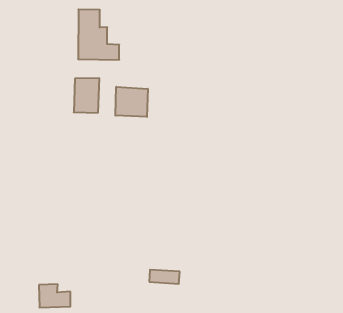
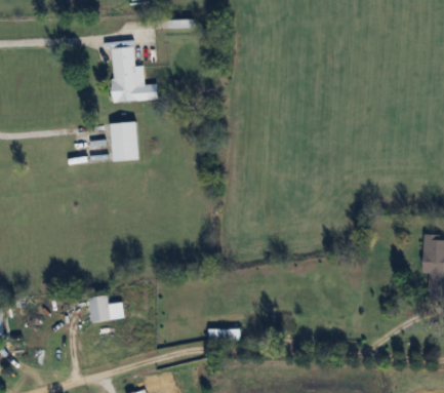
building: [115,87,148,117] -> none
building: [39,284,70,307] -> [88,294,124,321]

